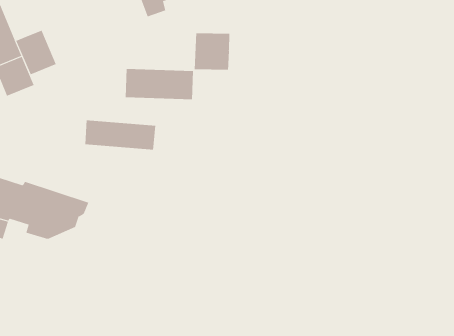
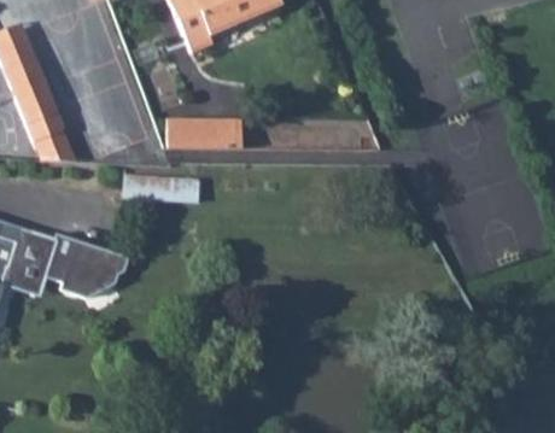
building: [16,30,57,75] -> none
building: [194,33,230,71] -> none

